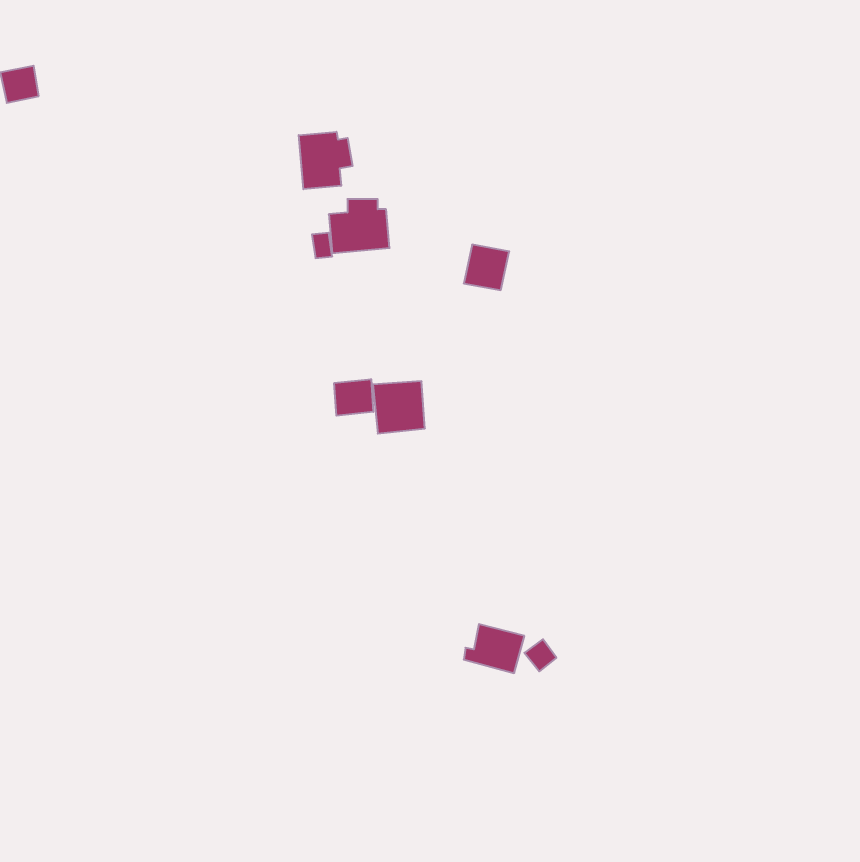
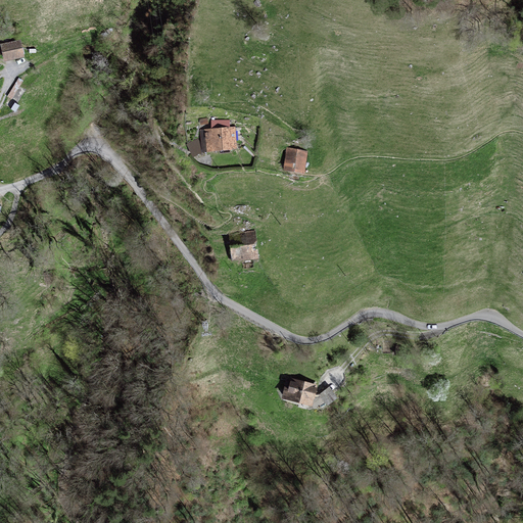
building: [299,132,353,189] -> none
building: [334,379,373,416] -> none

